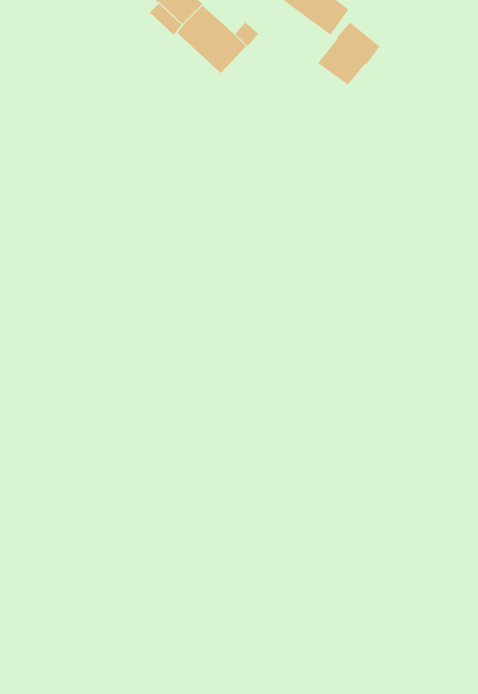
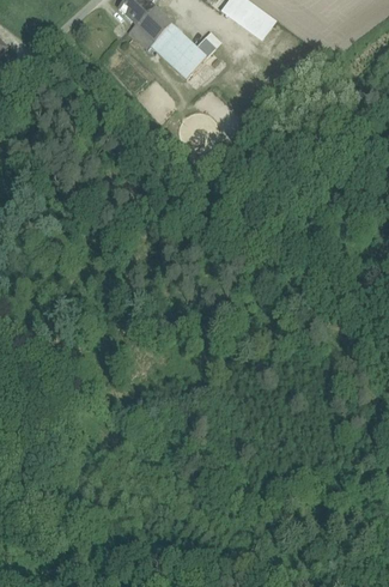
building: [318,22,380,86] -> none

